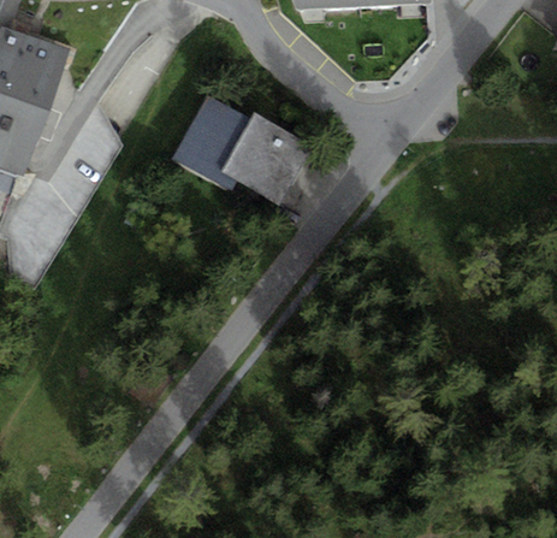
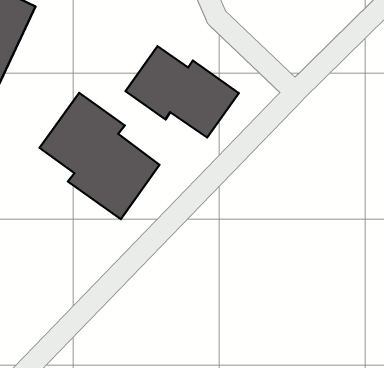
building: none -> [40,93,159,219]

